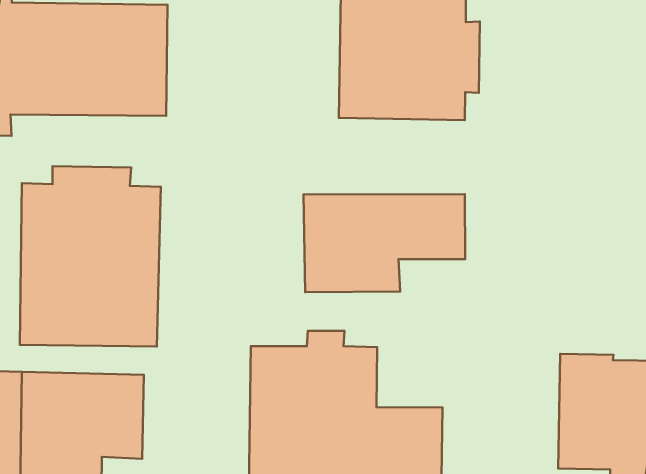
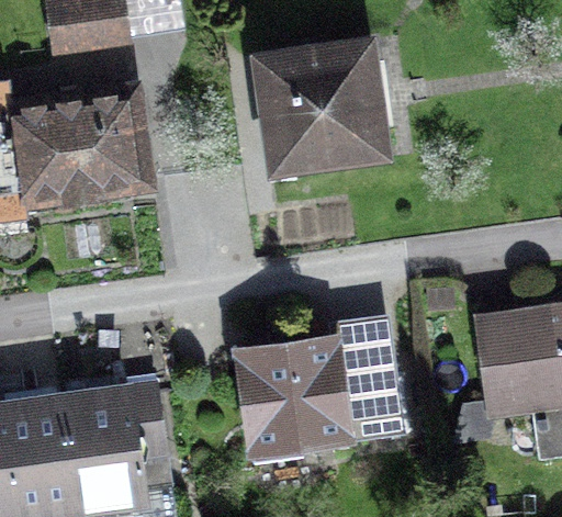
building: [20,166,161,347] -> none
building: [303,194,465,292] -> none

